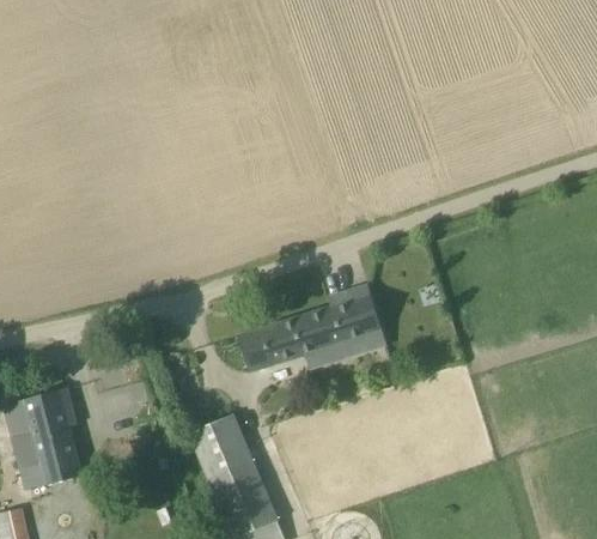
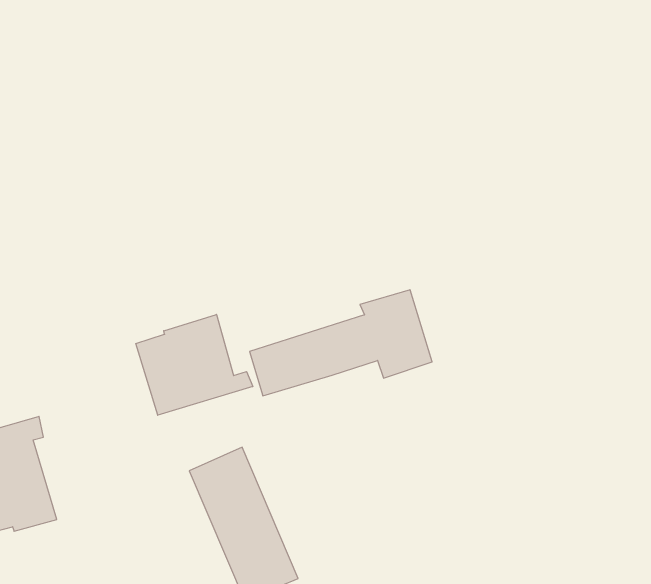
building: none -> [136,314,253,415]

